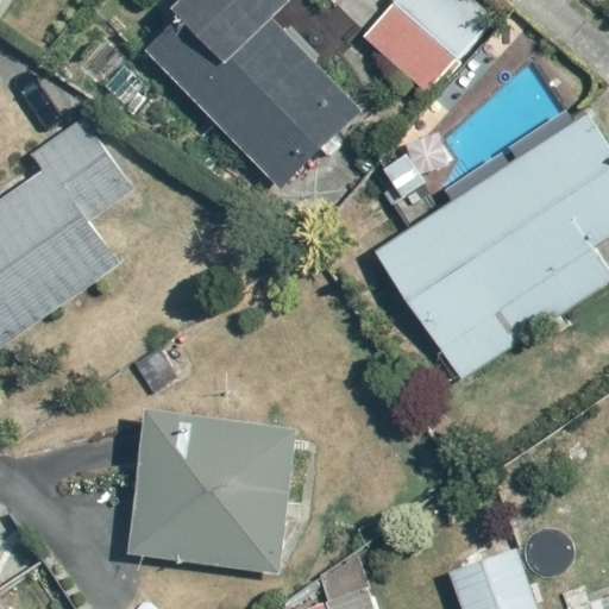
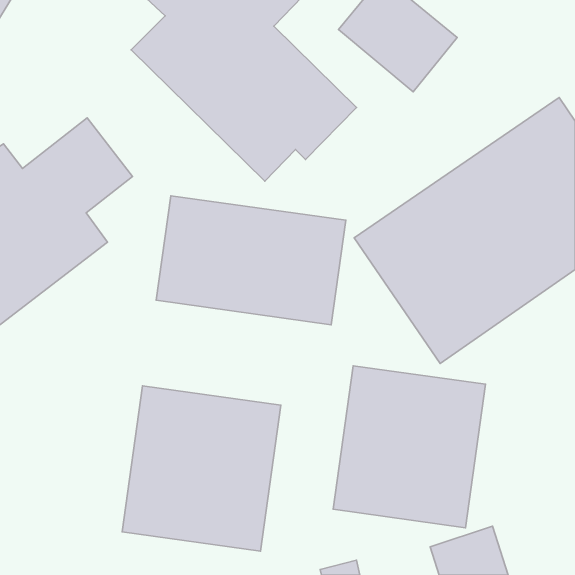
building: none -> [156,196,346,325]
building: none -> [333,366,485,528]

